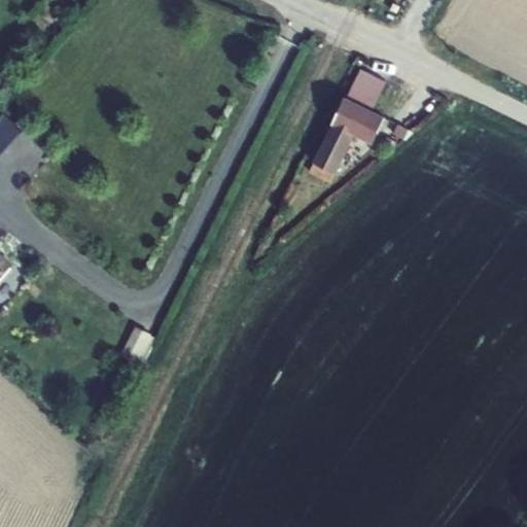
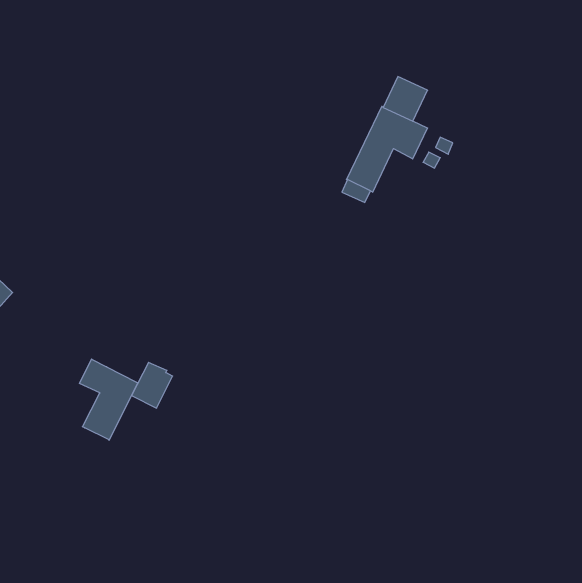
building: none -> [79,359,138,440]

